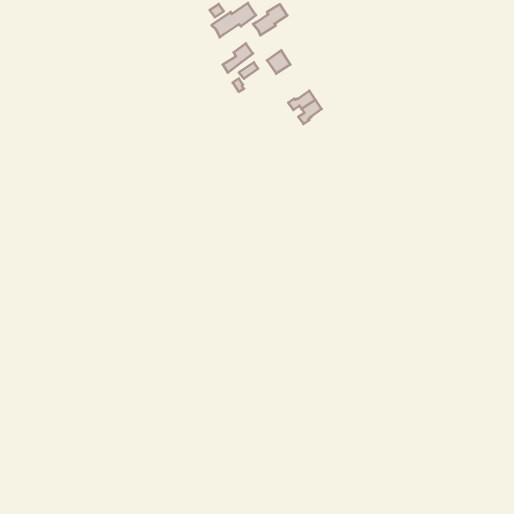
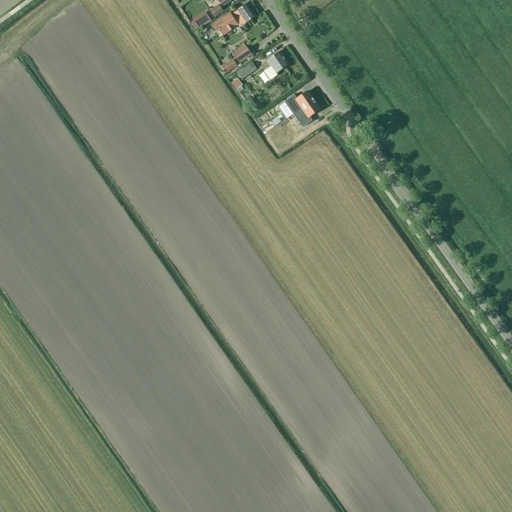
building: [253,4,287,35] -> none

